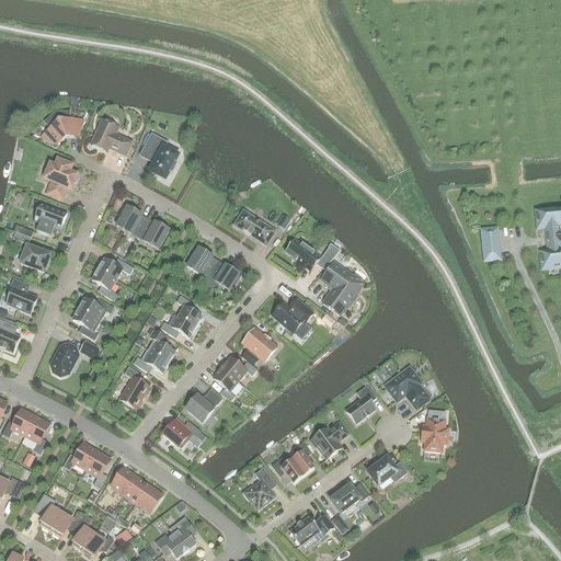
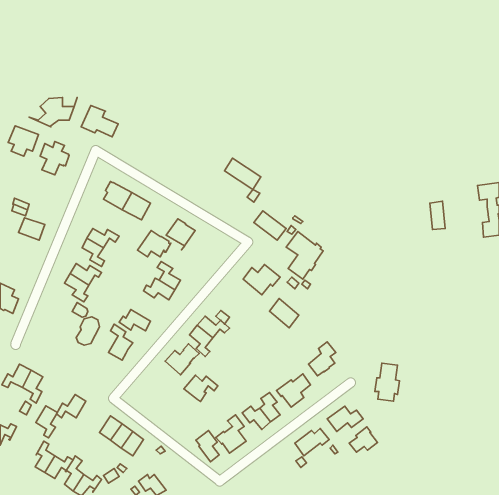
building: [140,131,178,176] -> none
building: [33,201,67,234] -> [8,126,38,156]
building: [234,208,275,243] -> [225,158,261,189]
building: [204,259,241,288] -> [138,231,171,257]
building: [5,276,37,312] -> none
building: [243,327,276,359] -> [270,299,299,328]
building: [147,329,175,360] -> none
building: [51,342,78,374] -> [76,317,100,345]
building: [386,366,430,407] -> none
building: [163,417,202,447] -> [184,375,218,402]
building: [85,450,110,486] -> [36,406,57,438]
building: none -> [349,427,377,452]
building: [289,513,335,543] -> none
building: [170,515,196,550] -> [196,431,219,462]

